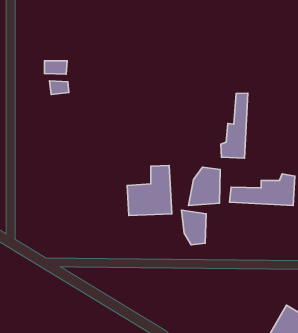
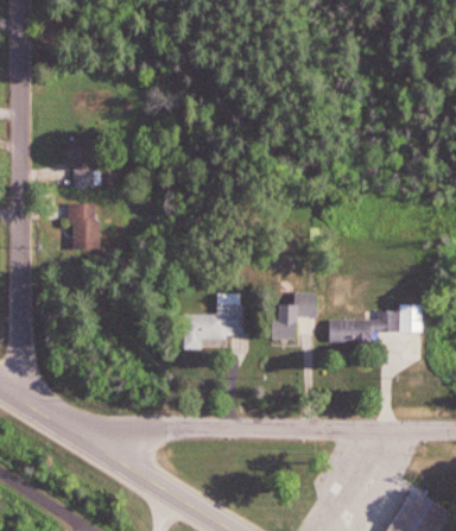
building: [221,93,248,158] -> none
building: none -> [66,204,99,249]
building: [181,210,206,245] -> none

